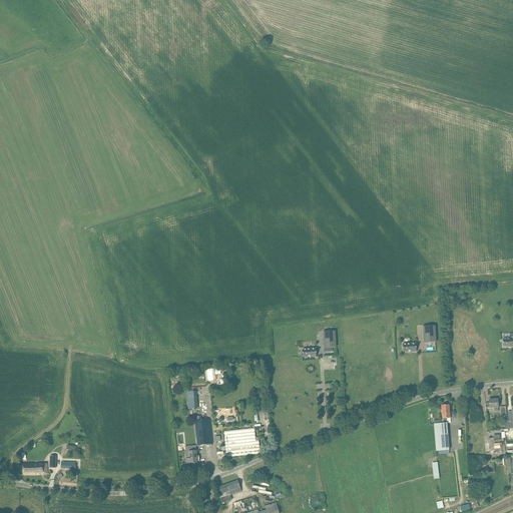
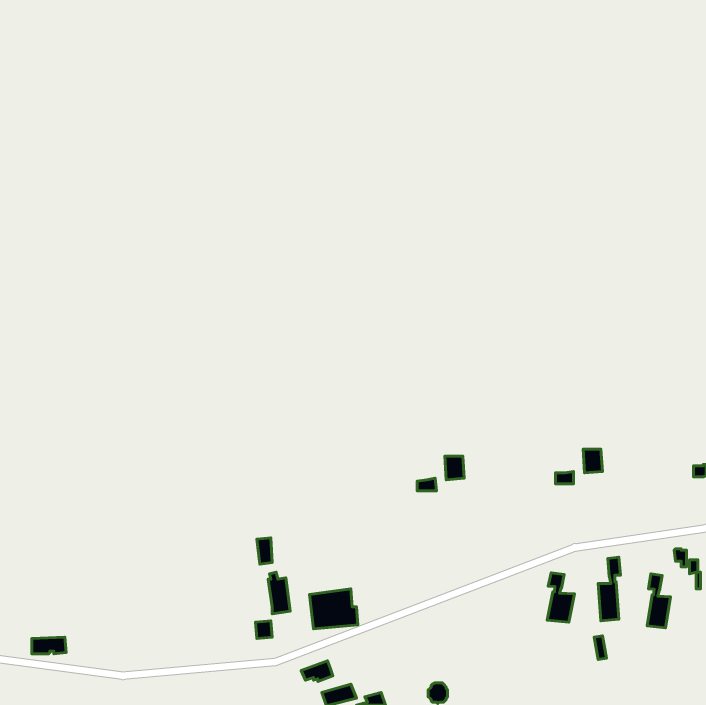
building: none -> [547,573,574,622]
building: none -> [647,574,670,628]

